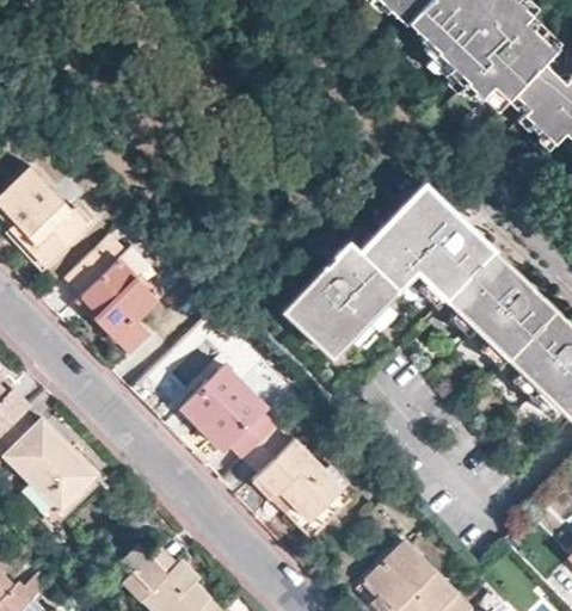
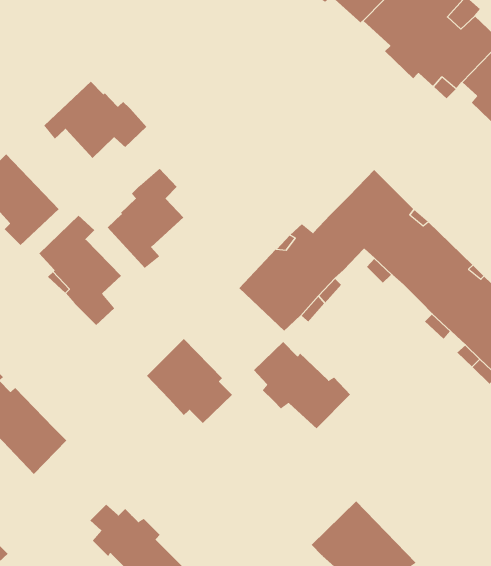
building: none -> [44,81,147,159]
building: none -> [107,168,184,269]
building: [242,426,347,520] -> [253,341,351,429]

